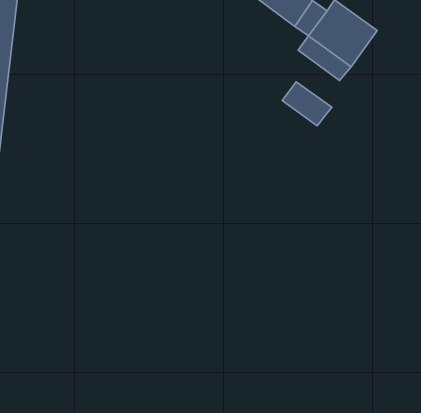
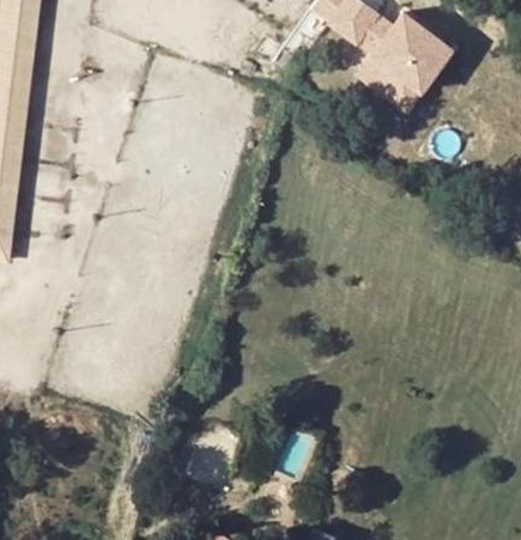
building: [282,82,332,126] -> none

